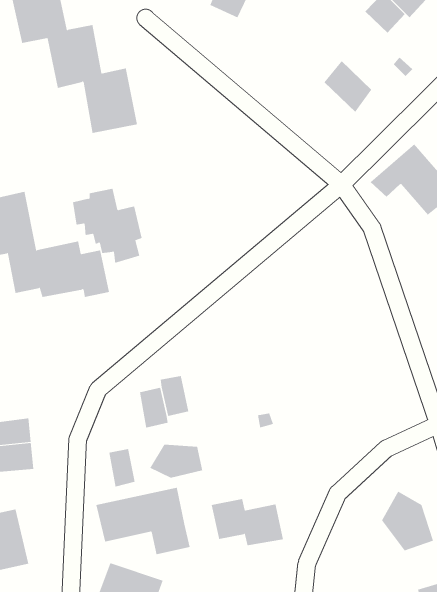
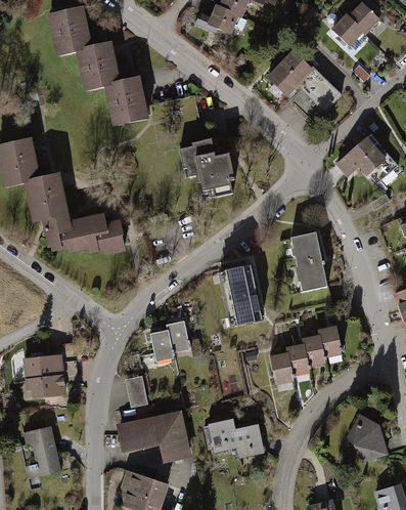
building: none -> [265,51,312,96]
building: [72,188,143,264] -> [179,137,235,198]
building: none -> [290,231,329,290]
building: none -> [222,263,261,323]
building: none -> [270,326,342,383]
building: [149,444,203,478] -> none

